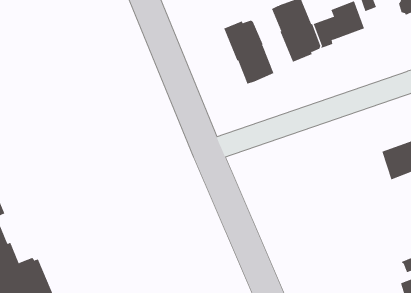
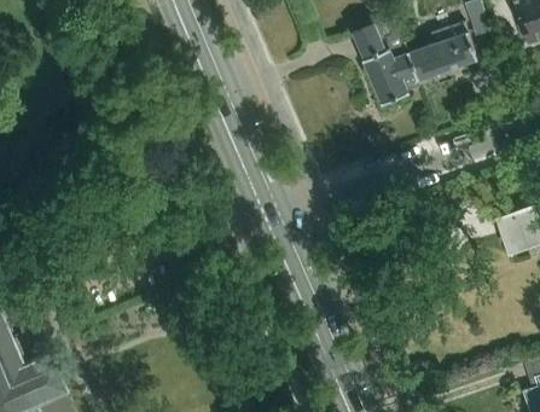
building: [224,20,274,84] -> none

